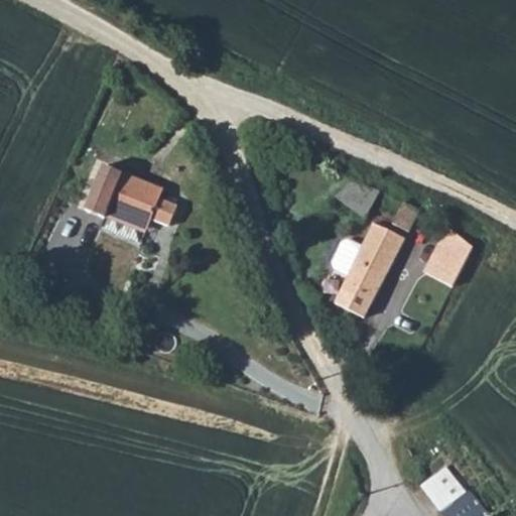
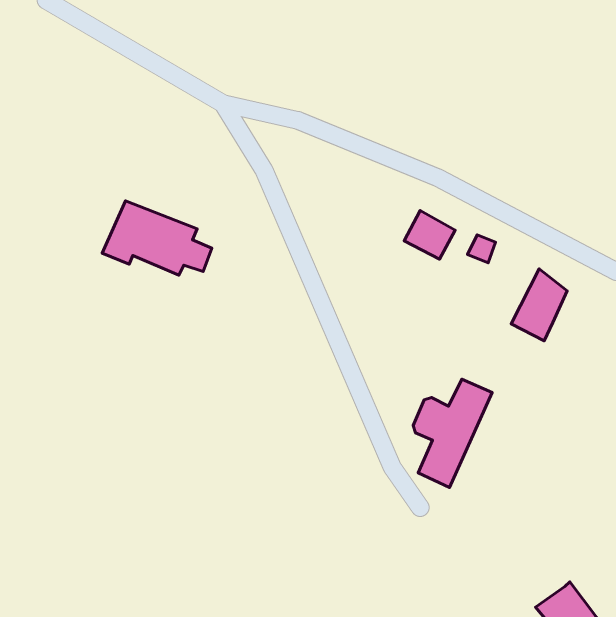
building: [335,219,400,308] -> [413,379,492,488]
building: [425,465,468,507] -> none

